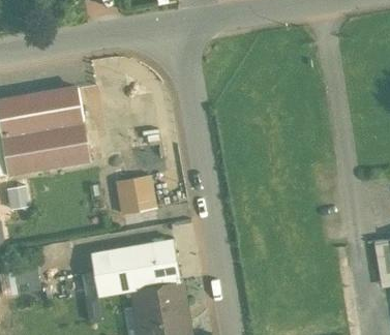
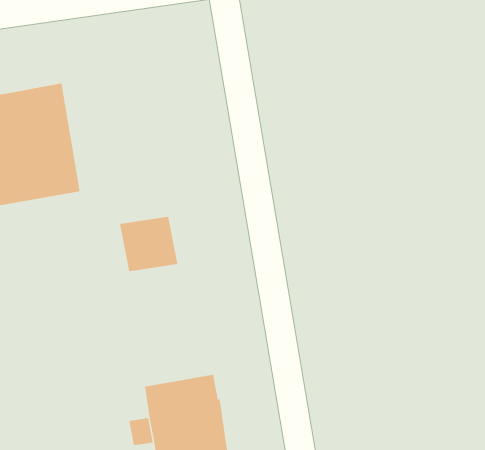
building: [91,239,181,296] -> none

